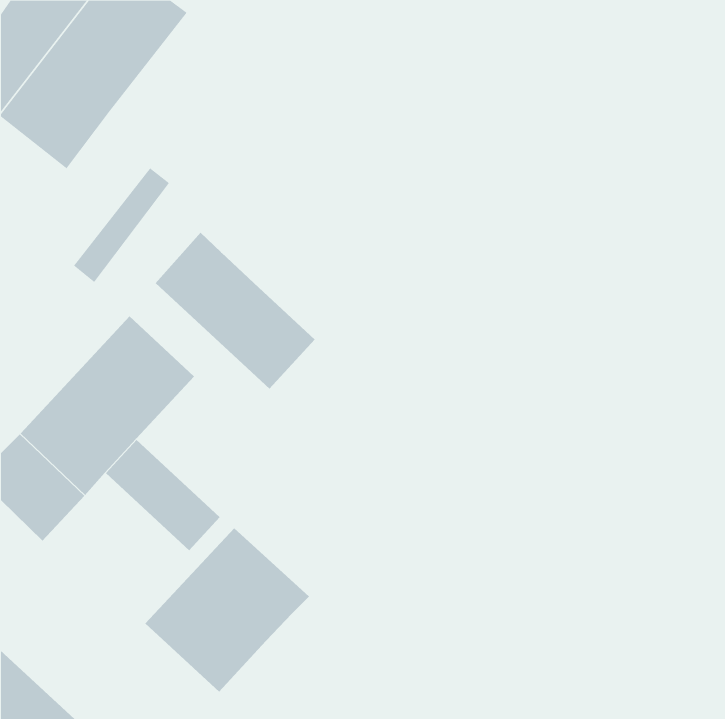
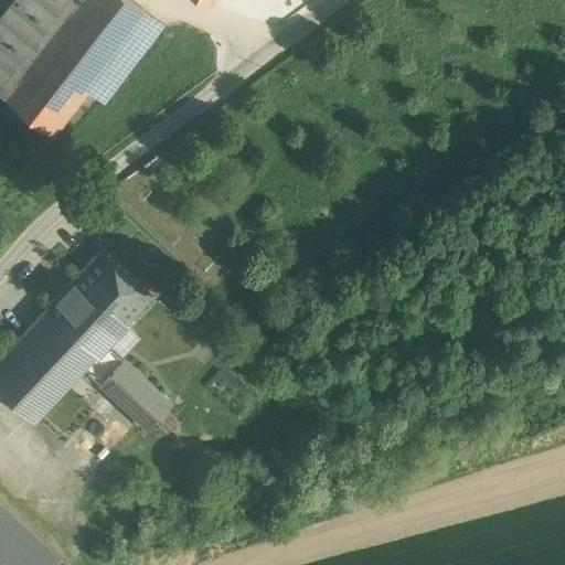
building: [73,168,170,283] -> [87,15,162,105]
building: [155,232,316,389] -> none
building: [145,527,310,692] -> none

